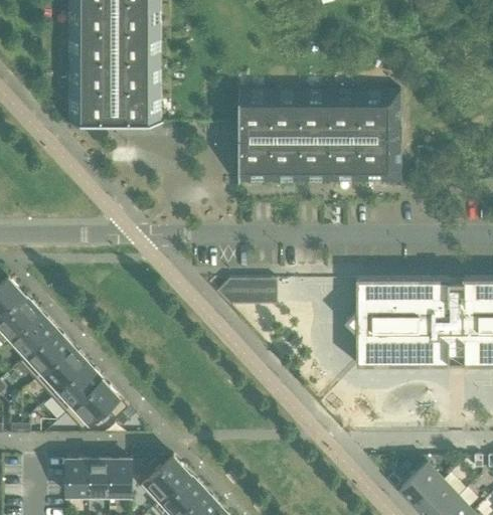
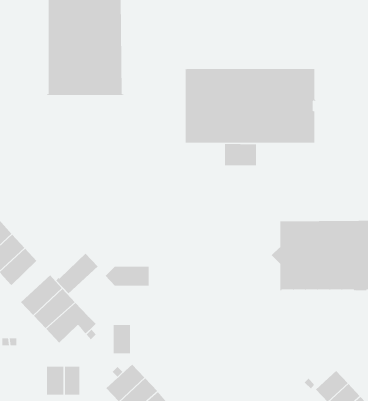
building: none -> [224,143,257,166]
building: [217,279,273,304] -> [105,266,149,286]
building: [18,328,71,379] -> [55,253,98,294]
building: [109,459,131,495] -> [113,325,131,354]

